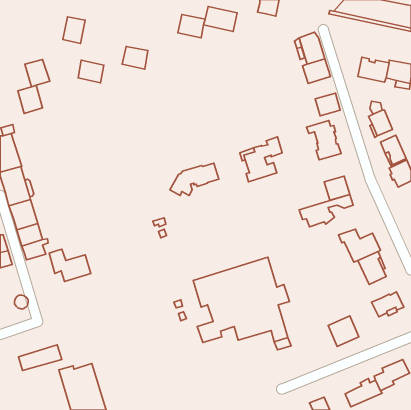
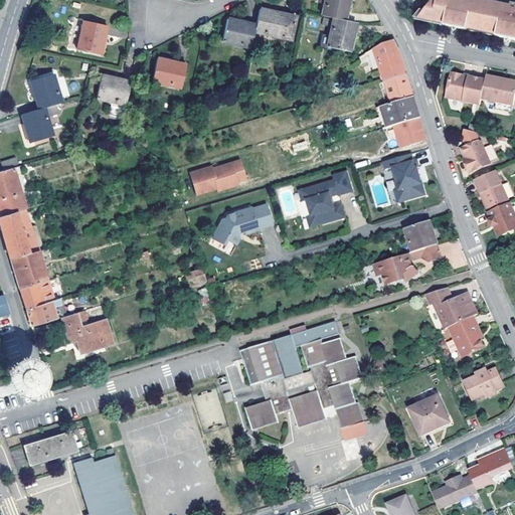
building: none -> [327,17,356,50]
building: none -> [381,96,419,126]
building: none -> [191,158,246,192]

